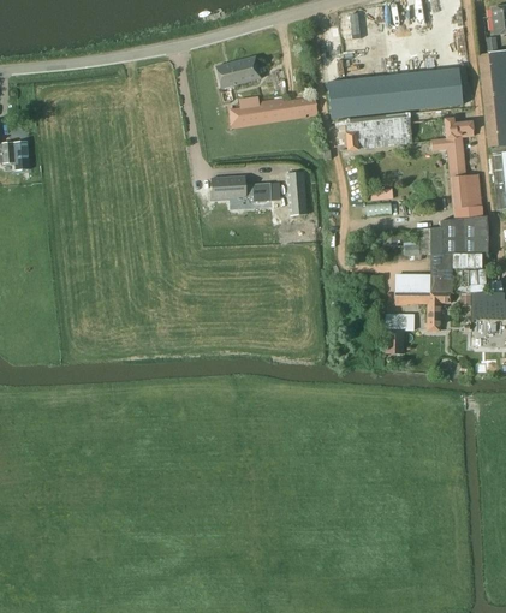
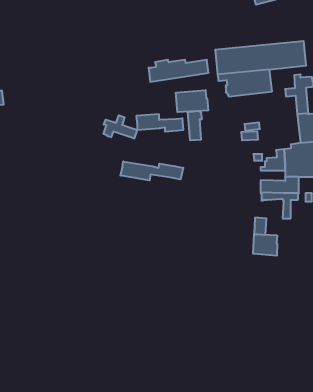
building: [216,55,261,87] -> none
building: none -> [176,90,208,112]
building: none -> [104,115,137,139]
building: none -> [120,161,183,180]
building: none -> [253,234,277,256]

